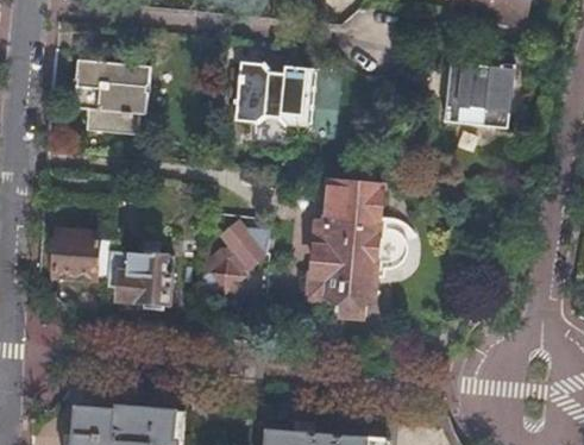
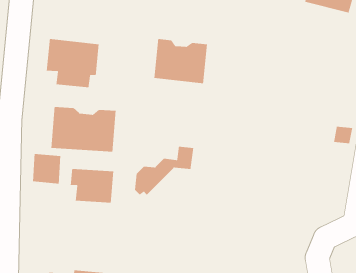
building: [439,67,511,140] -> none
building: none -> [51,106,116,153]
building: [304,181,381,313] -> none

